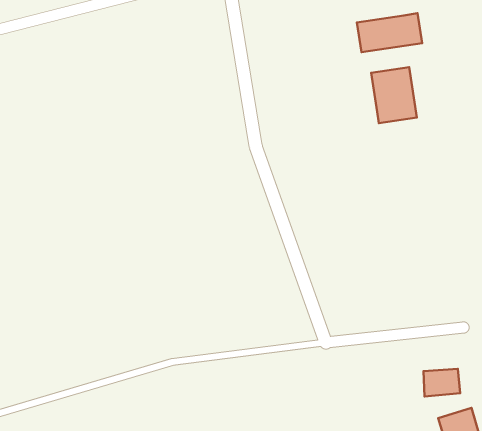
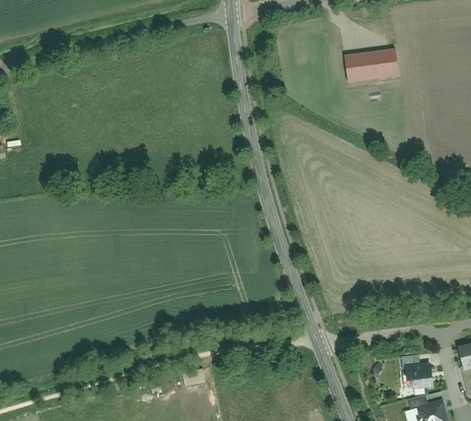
building: [371,67,417,123] -> none

